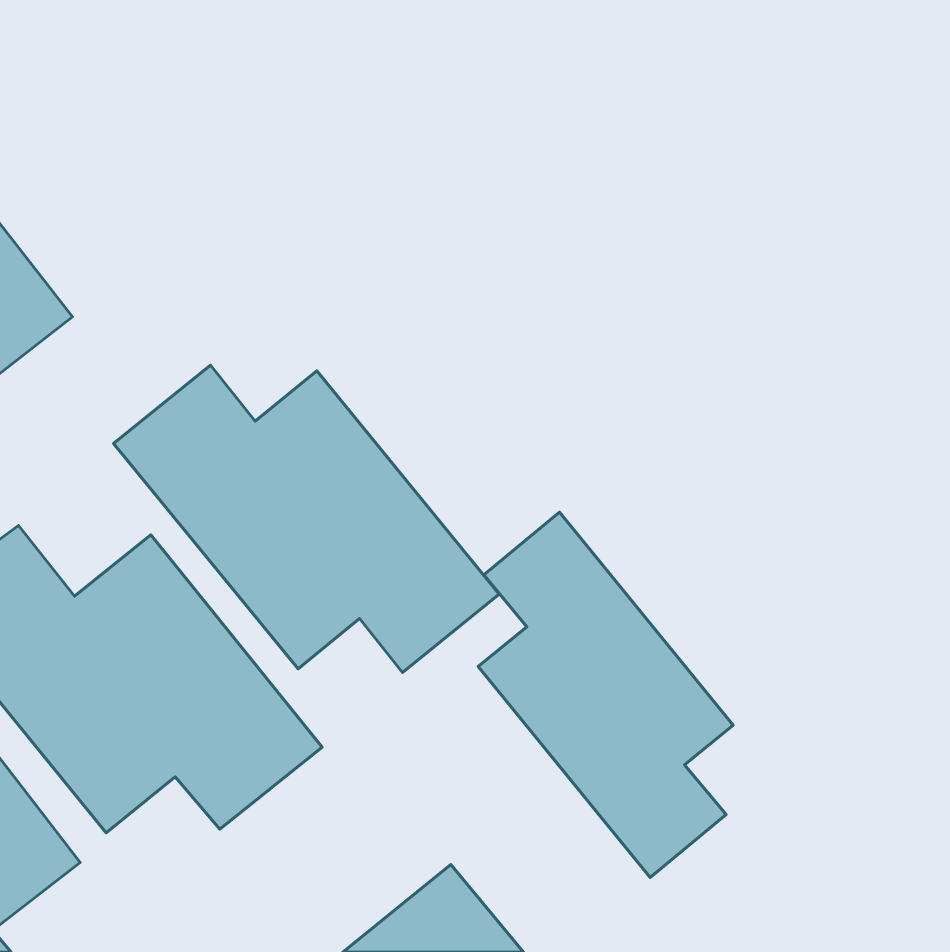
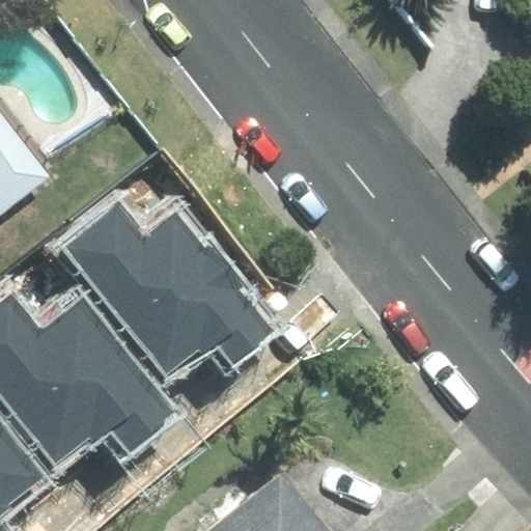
building: [478,512,733,877] -> none

